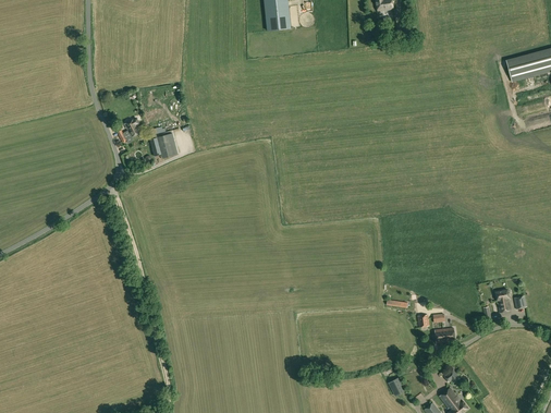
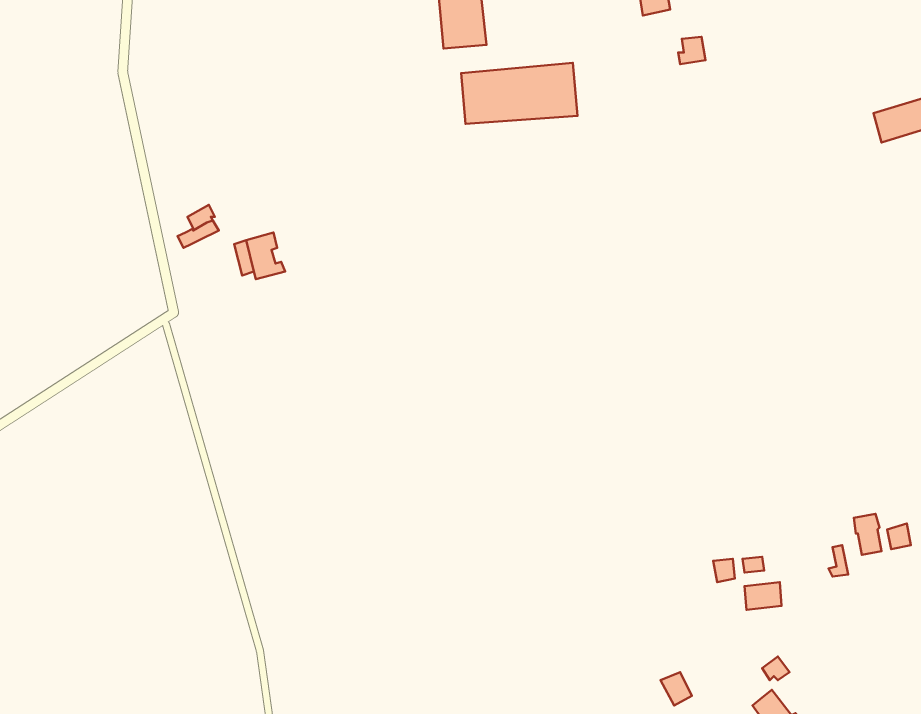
building: none -> [461,63,578,124]

